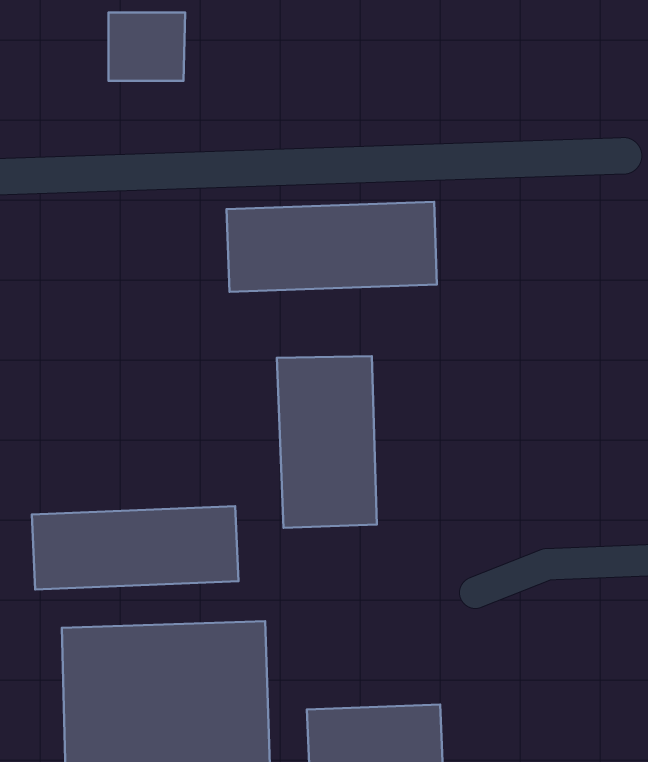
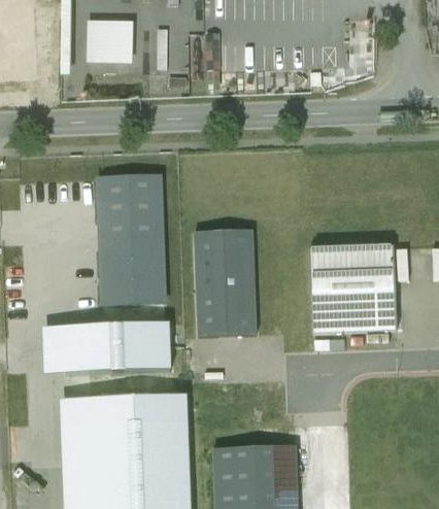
building: [227,202,437,292] -> none
building: none -> [98,175,164,304]
building: none -> [309,246,396,333]

